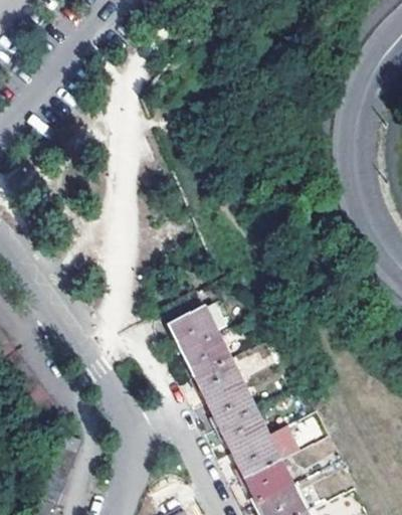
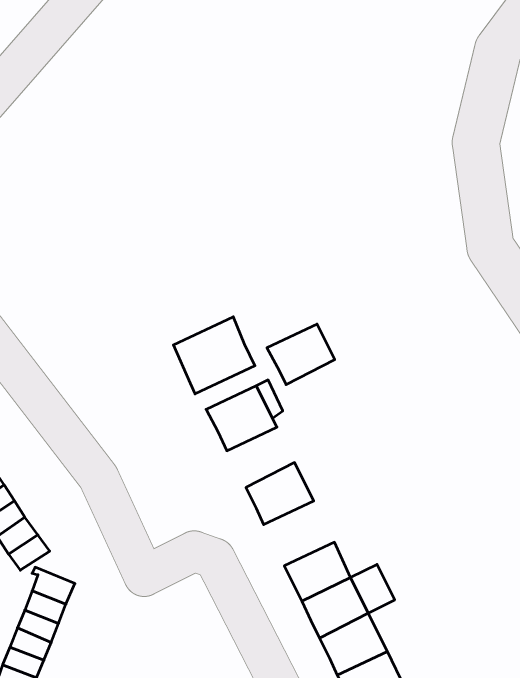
building: none -> [173,317,255,394]
building: [183,334,229,375] -> [267,324,335,385]
building: [208,384,256,428] -> none

